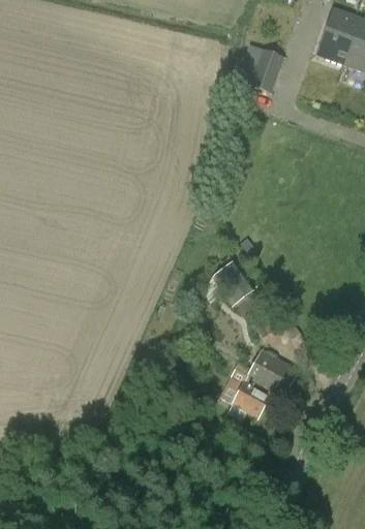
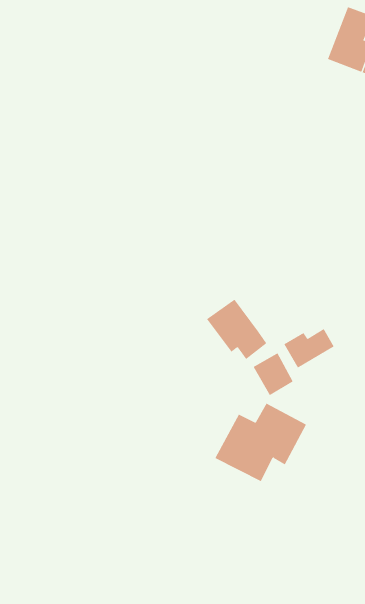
building: [248,49,283,92] -> none
building: none -> [284,328,335,368]

